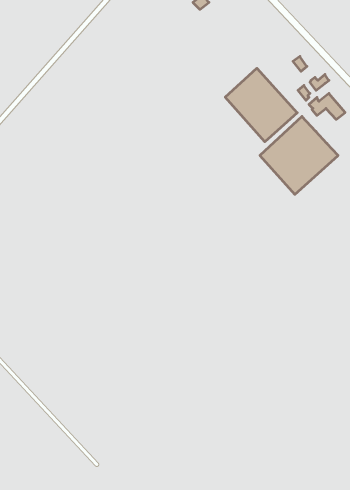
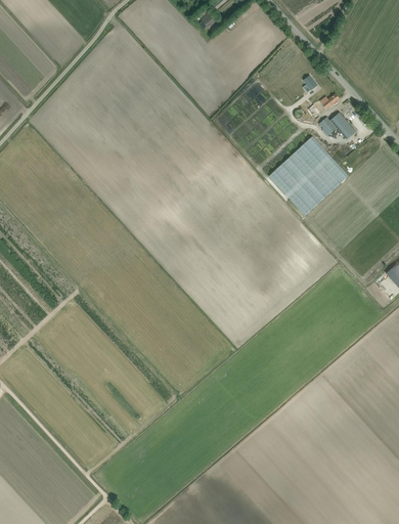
building: [225,68,297,142] -> none

